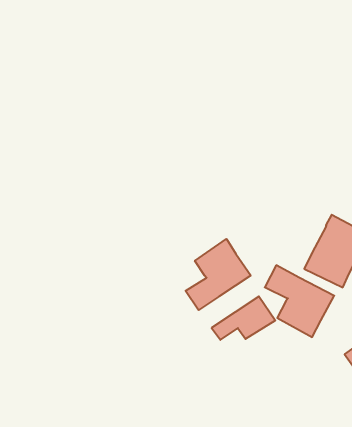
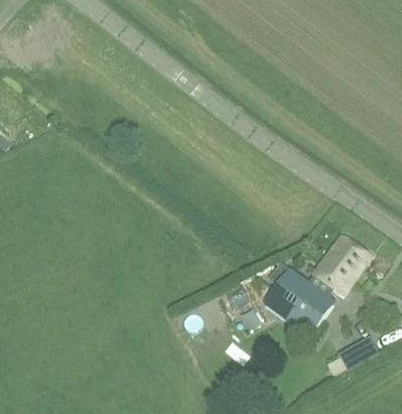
building: [186,239,251,310] -> none

